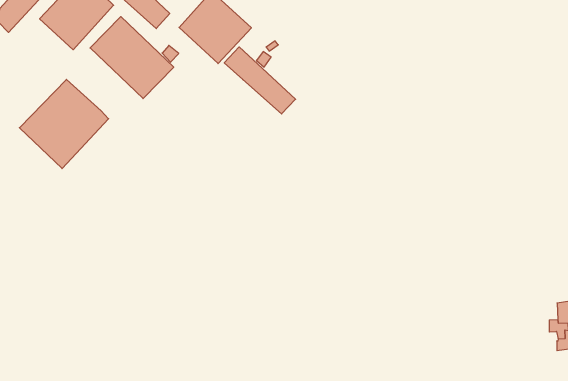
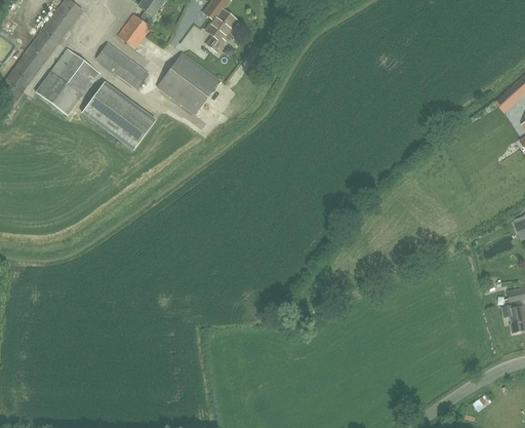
building: [224,47,296,114] -> none
building: [19,79,109,169] -> none

